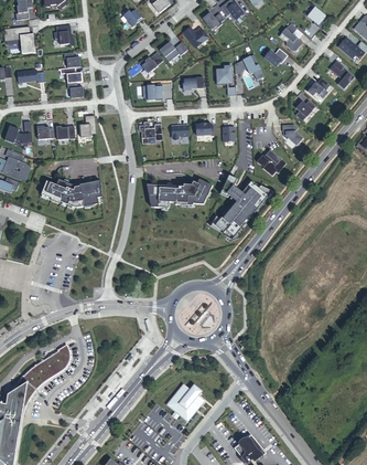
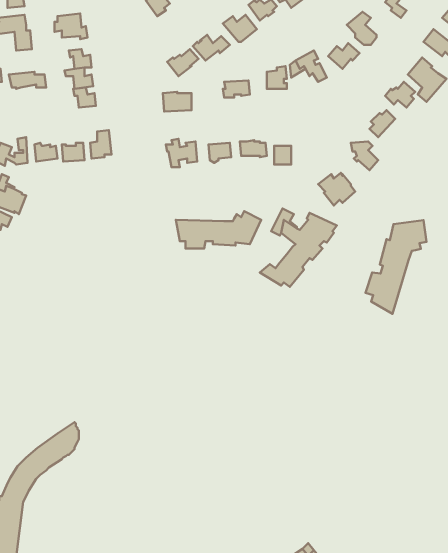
building: [41,179,101,207] -> none
building: none -> [365,220,427,314]
building: [166,382,205,421] -> none

